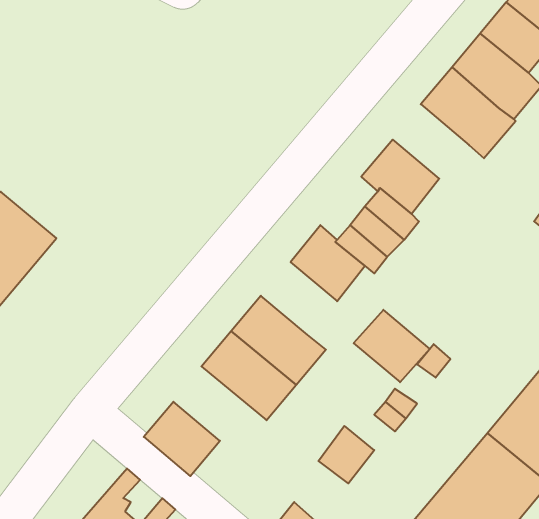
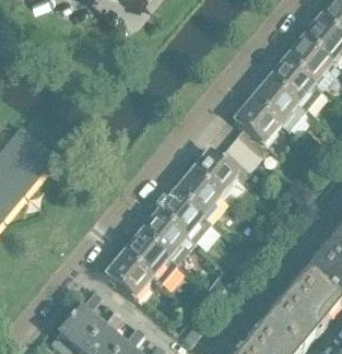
building: none -> [251,76,305,128]
building: [354,310,430,382] -> [174,169,219,212]
building: none -> [122,231,177,283]

